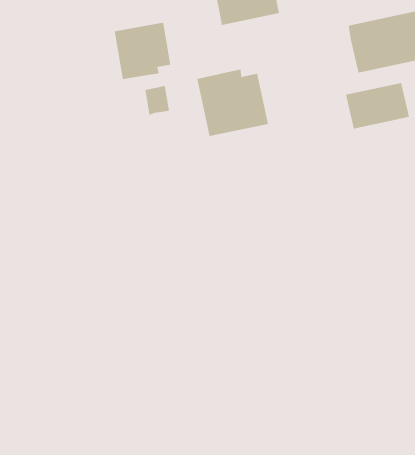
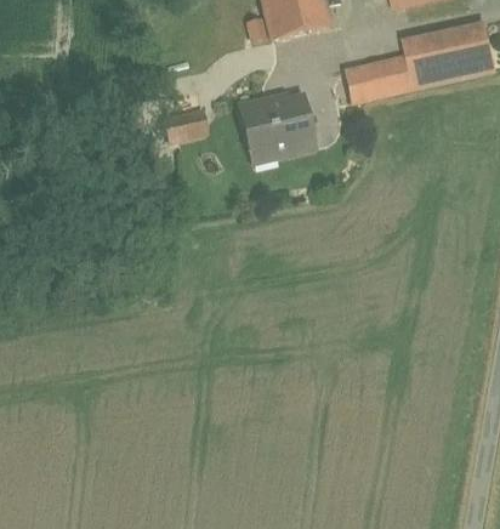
building: [114,22,171,80] -> none
building: [345,82,410,129] -> [343,55,414,106]

